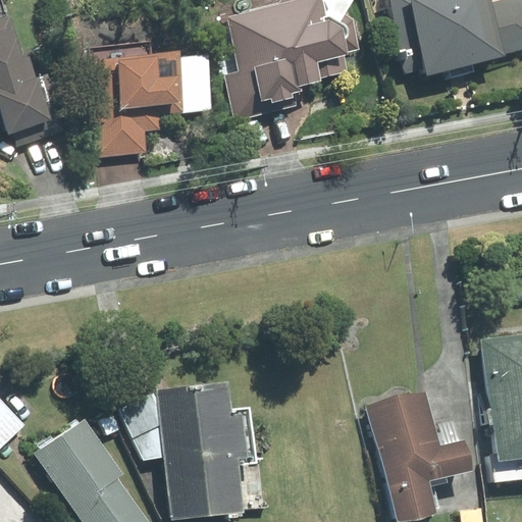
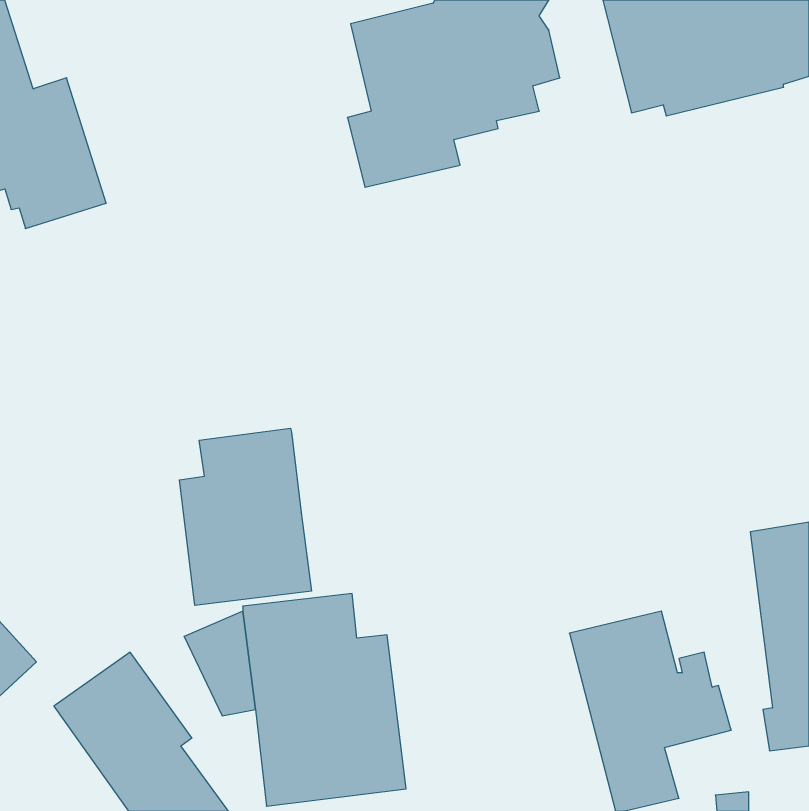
building: [87,42,212,157] -> none
building: none -> [179,428,311,605]

